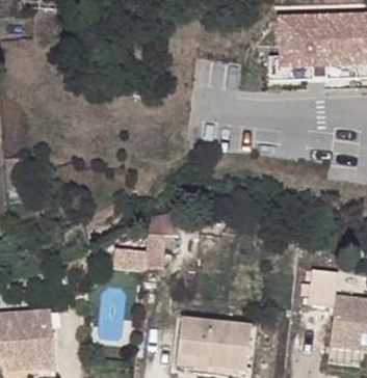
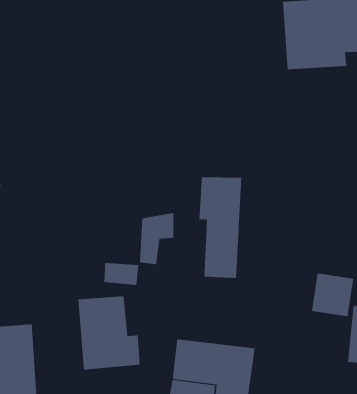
building: none -> [199,176,242,279]
building: none -> [78,295,140,370]

